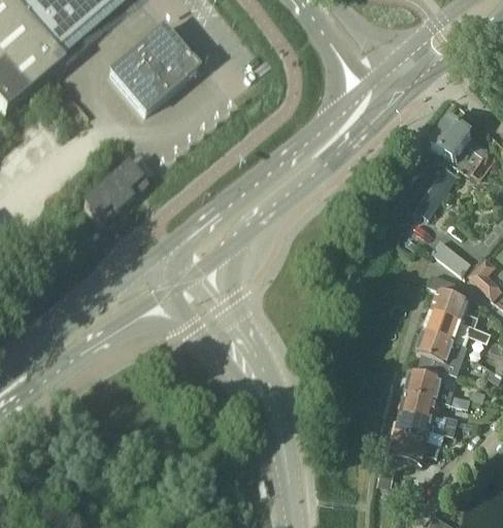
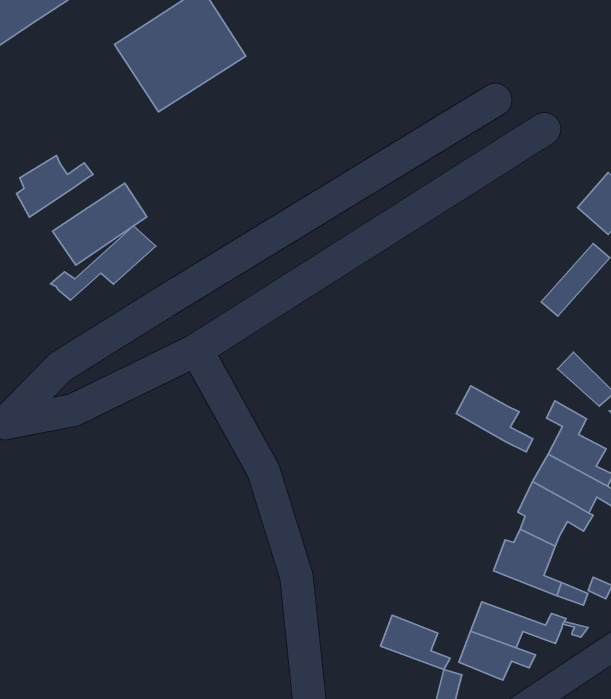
building: none -> [16,156,93,217]
building: none -> [50,226,156,300]
building: none -> [456,386,533,452]
building: [400,391,447,423] -> [380,615,450,670]

